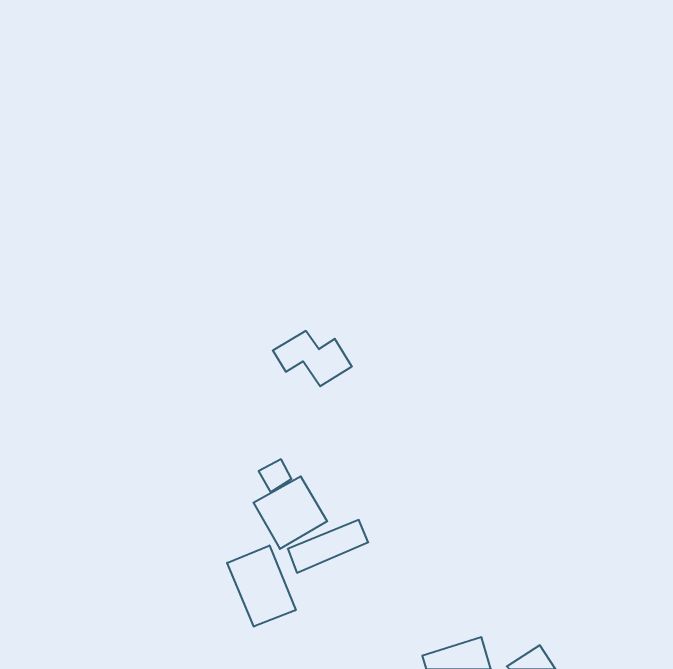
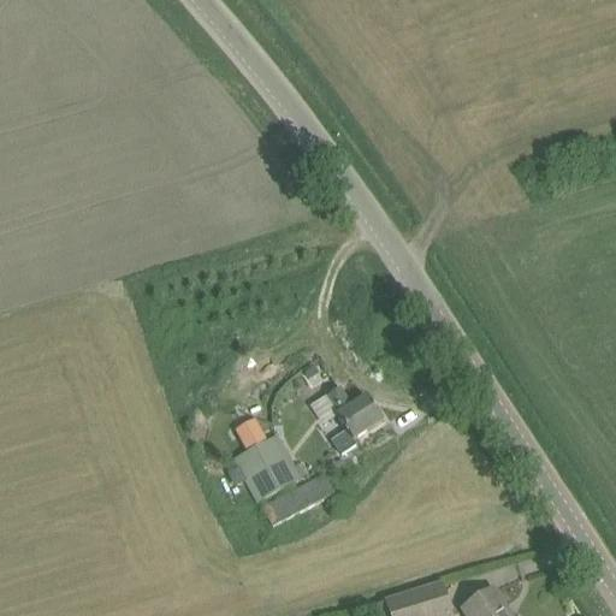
building: [273,331,352,386] -> [310,387,383,438]
building: [227,545,296,627] -> none

